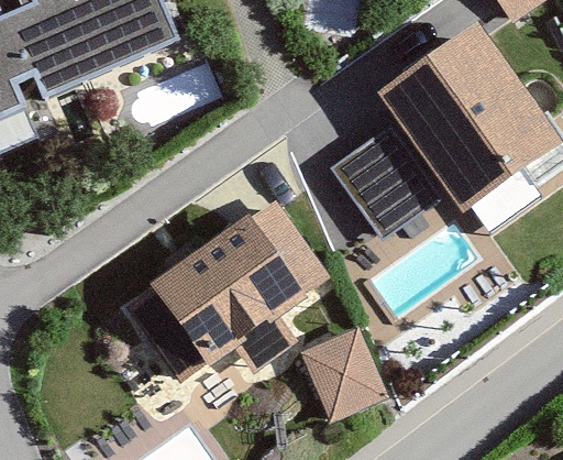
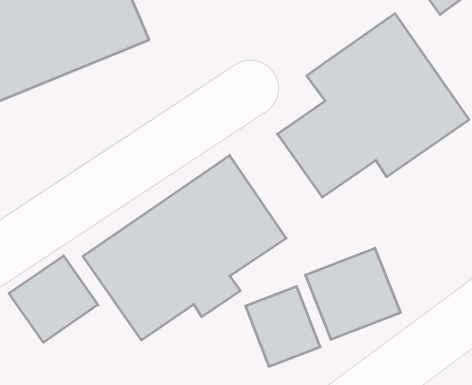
building: none -> [305,248,401,340]
building: none -> [9,256,98,342]

